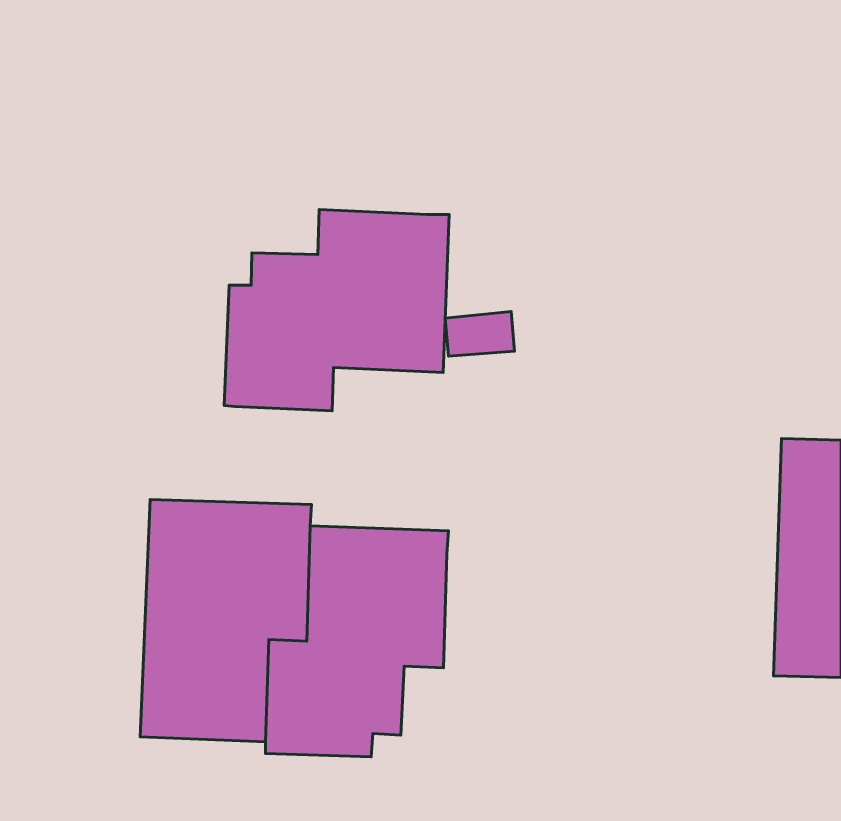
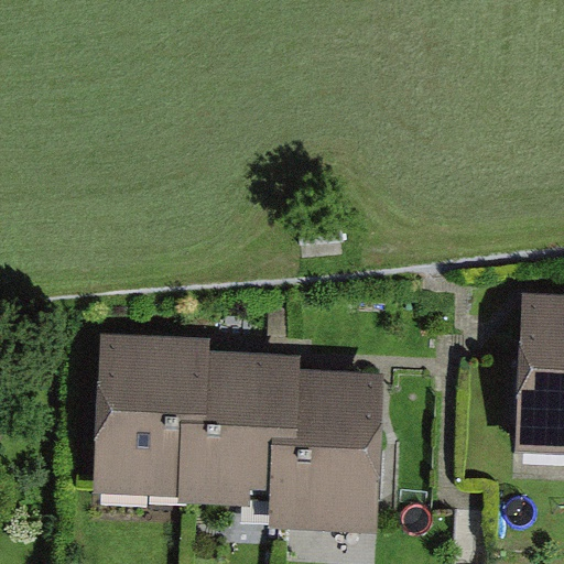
building: [224,209,449,411] -> none
building: none -> [267,370,383,531]

